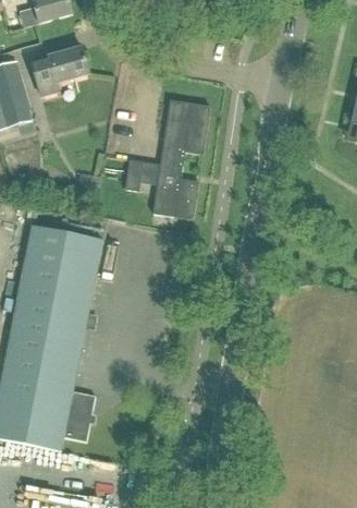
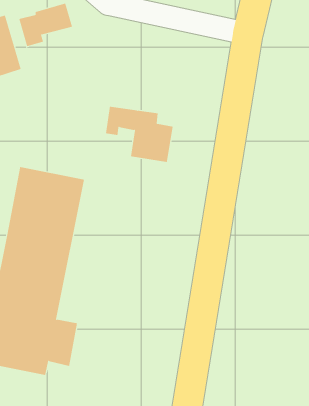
building: [159,99,210,167] -> none

